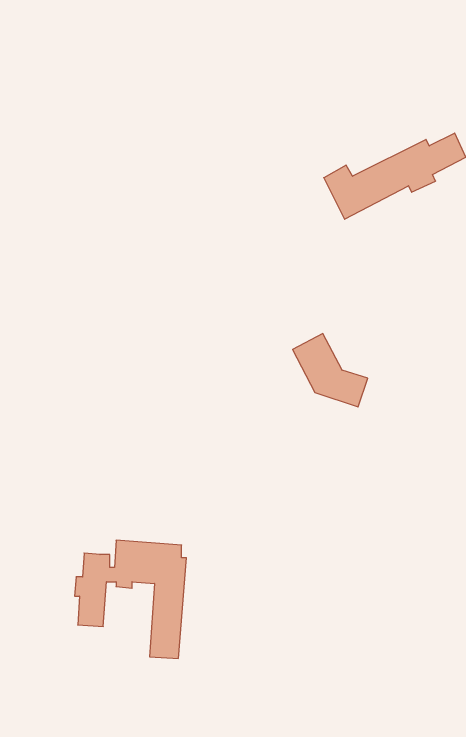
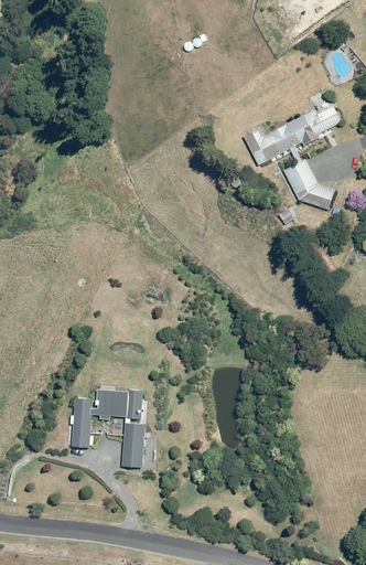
building: [293,334,368,407] -> [281,159,333,210]

